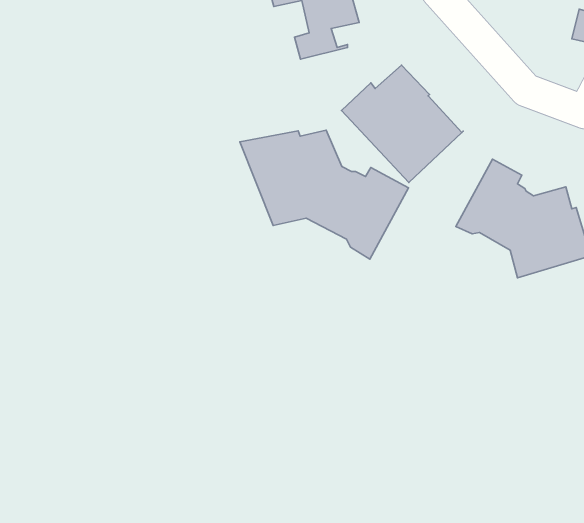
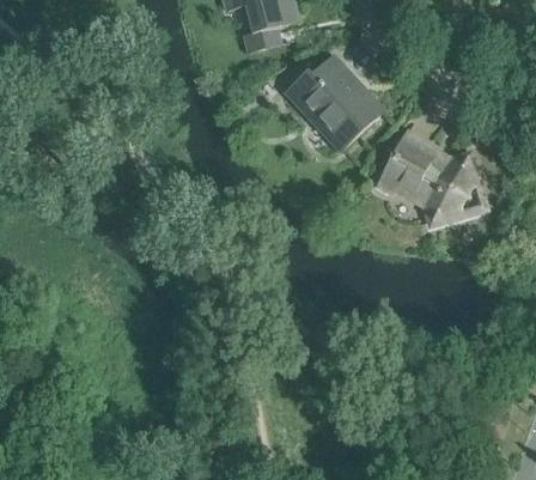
building: [240,130,409,259] -> none

